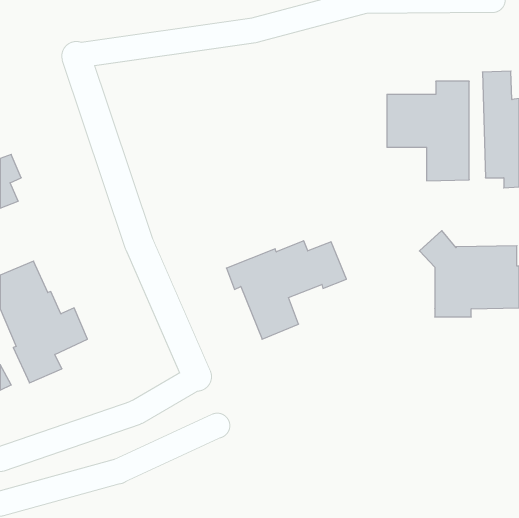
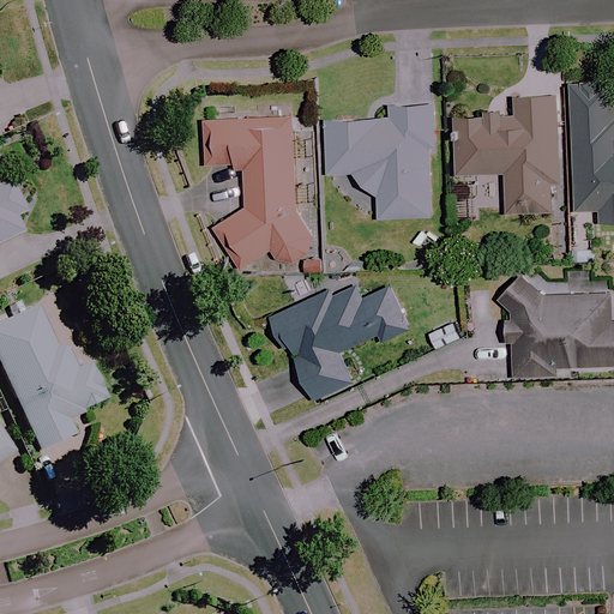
building: none -> [324,104,432,217]
building: none -> [210,118,319,269]

